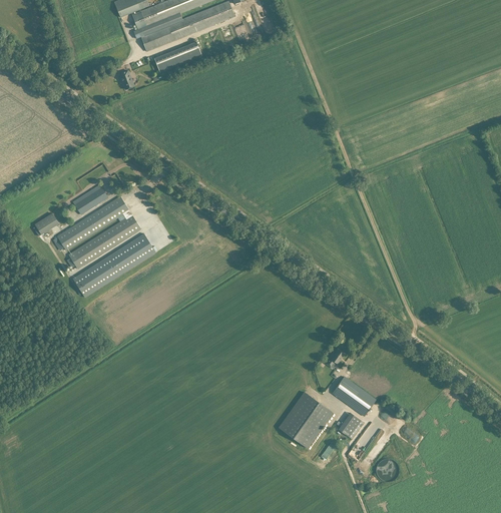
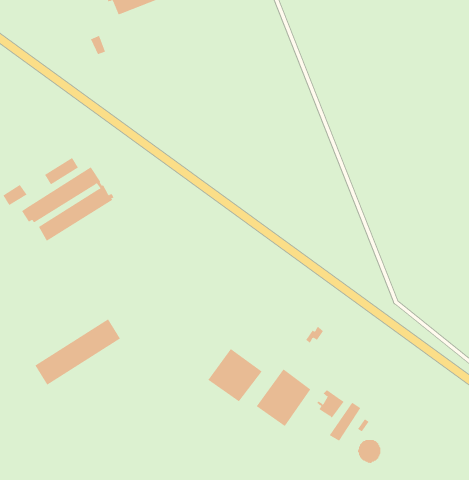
building: [153,41,201,72] -> none
building: [72,232,155,297] -> [34,319,121,385]
building: none -> [208,348,262,402]
building: [331,376,375,415] -> none

